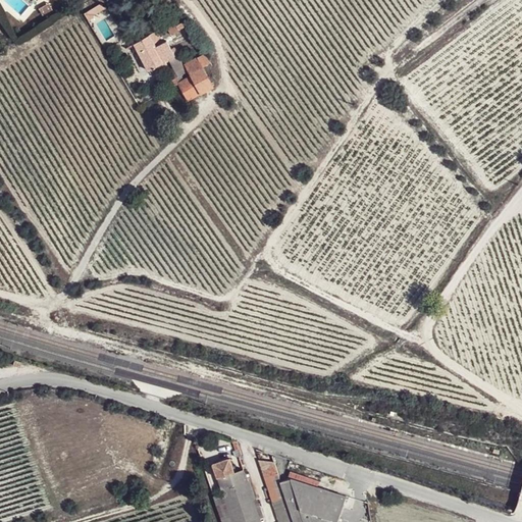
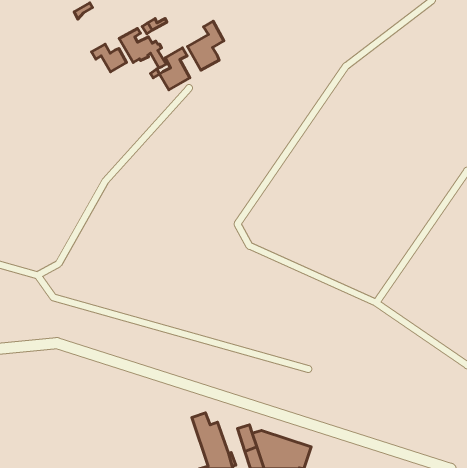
building: none -> [187,21,224,70]
building: none -> [92,44,127,72]

